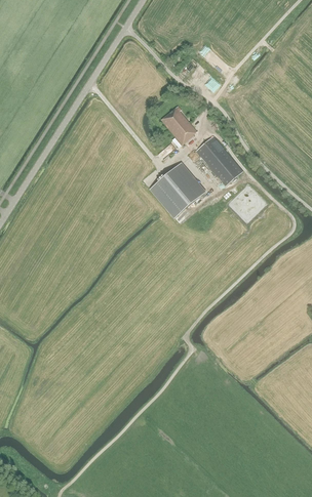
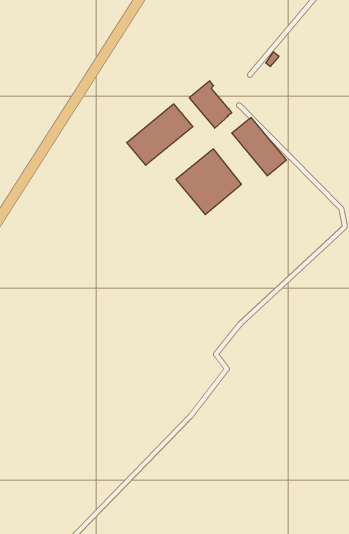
building: none -> [127,104,193,165]

